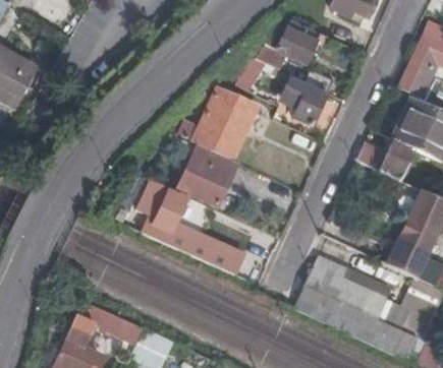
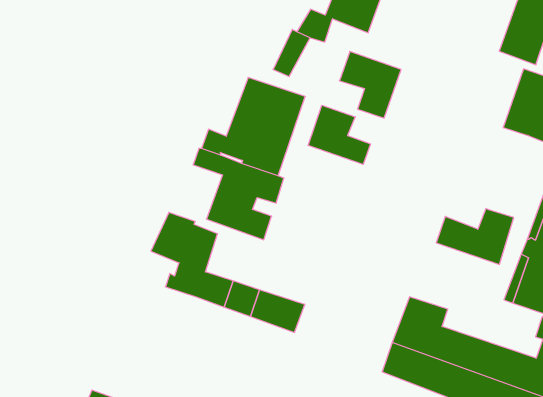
building: none -> [308,105,371,164]
building: [357,138,414,179] -> [436,209,514,264]

